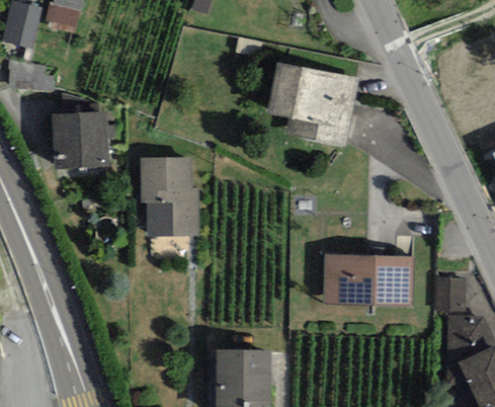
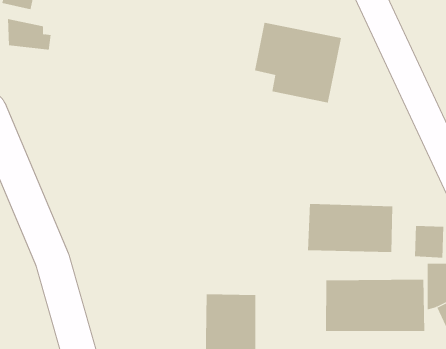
building: [52,110,108,168] -> none
building: [141,157,198,235] -> none
building: none -> [326,279,425,332]

